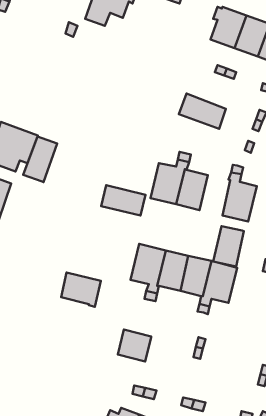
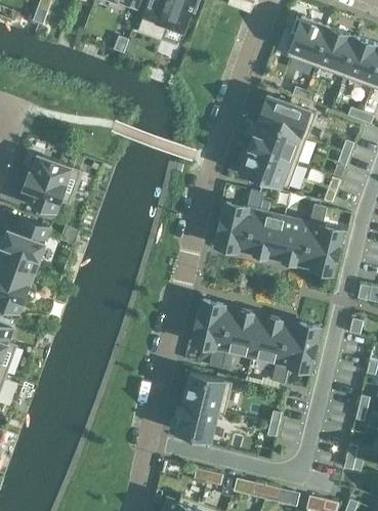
building: none -> [257,96,314,139]
building: none -> [239,145,296,188]
building: [23,137,57,182] -> none
building: [101,185,146,216] -> none
building: [213,226,244,267] -> [272,218,309,266]
building: [61,272,101,307] -> [182,373,229,414]

